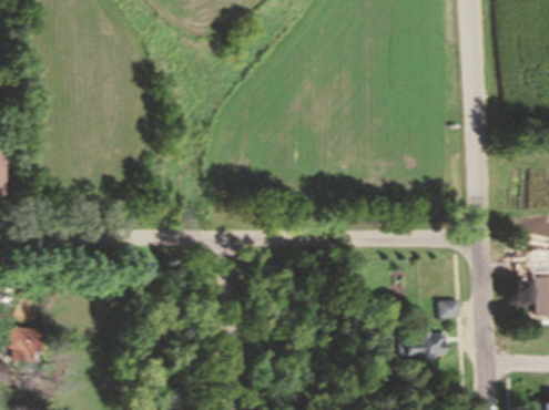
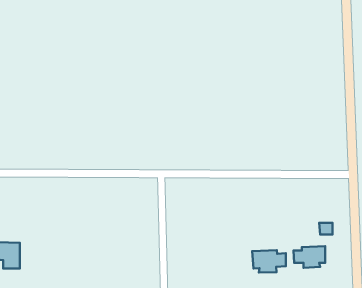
building: none -> [252,250,286,272]

